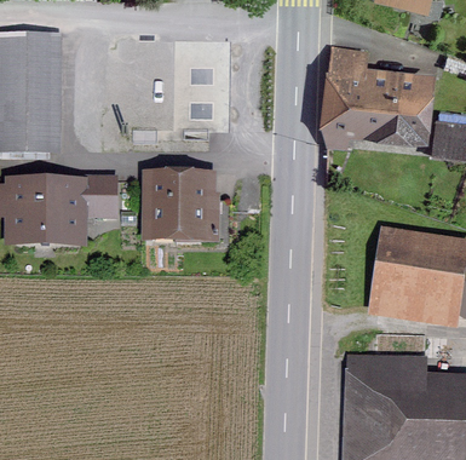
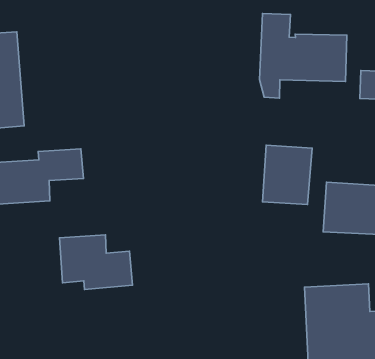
building: [153,182,231,242] -> [60,235,132,289]
building: none -> [262,145,312,204]

